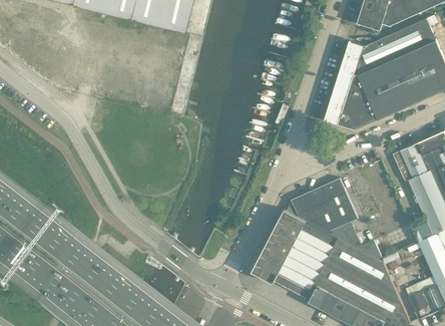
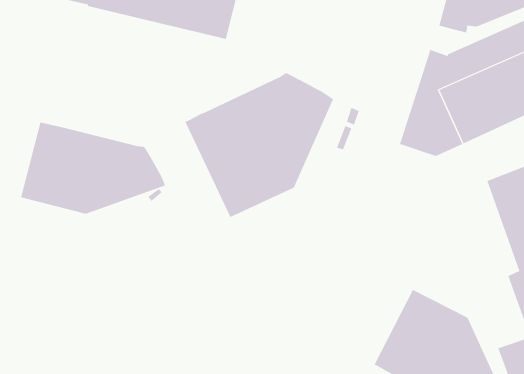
building: none -> [184,72,334,218]
building: none -> [21,121,166,214]
building: [253,178,383,297] -> none

